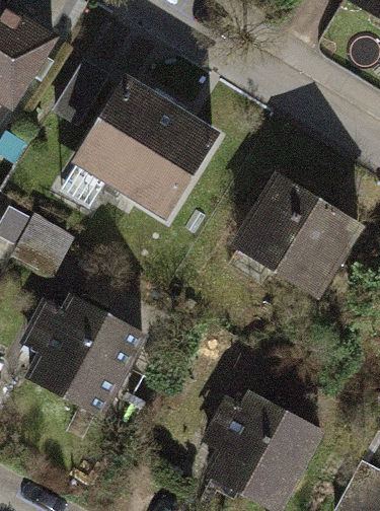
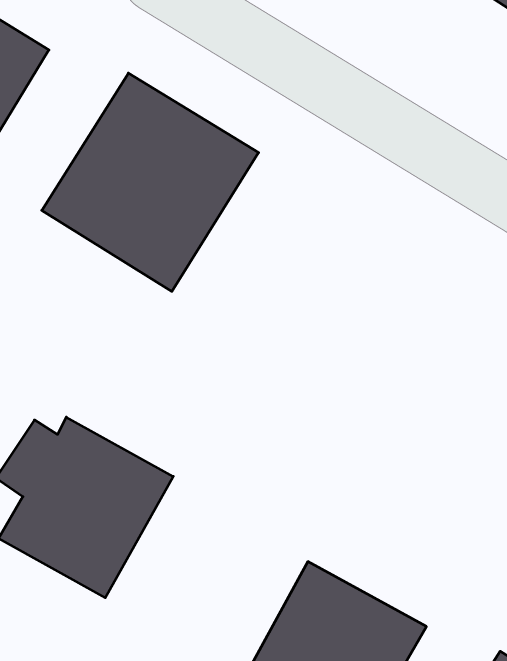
building: [234,157,373,291] -> none

